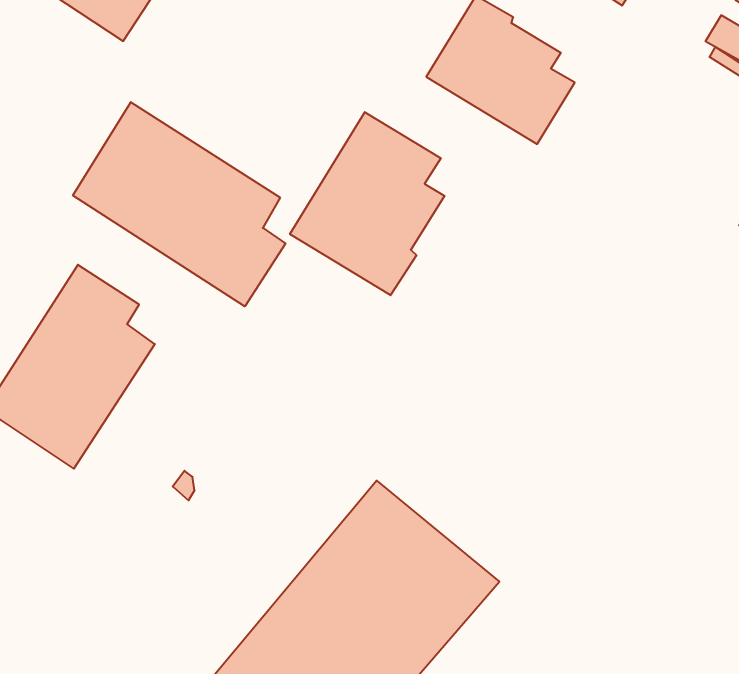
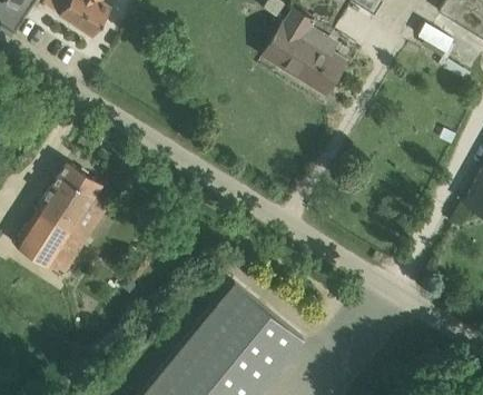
building: [73,102,285,306] -> none
building: [290,112,444,295] -> none

